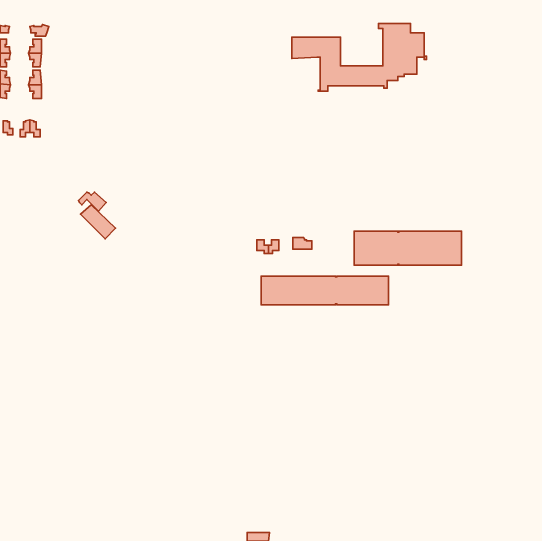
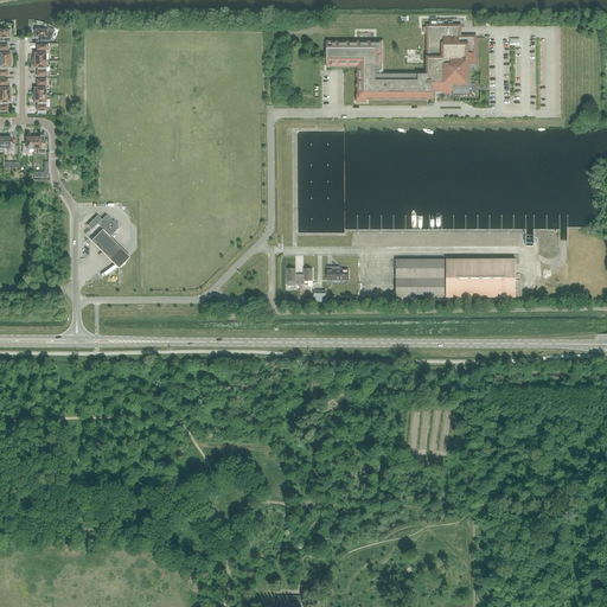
building: [261,276,389,305] -> none

